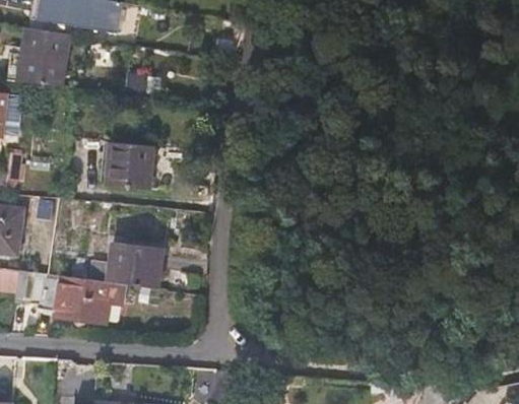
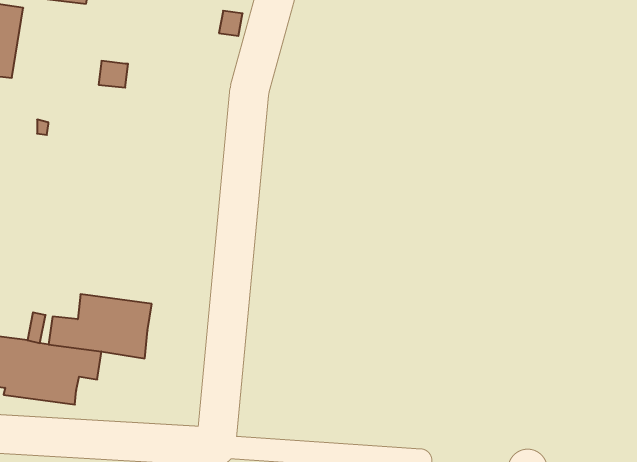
building: [105,142,152,190] -> none

